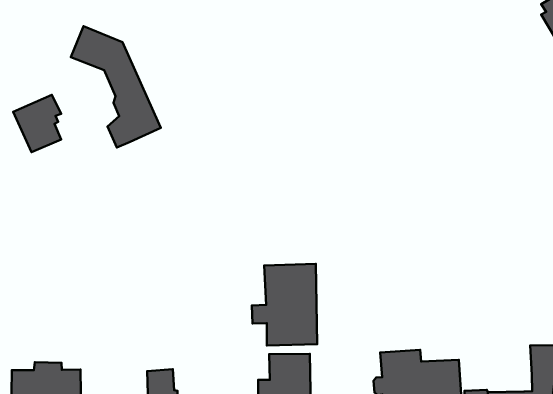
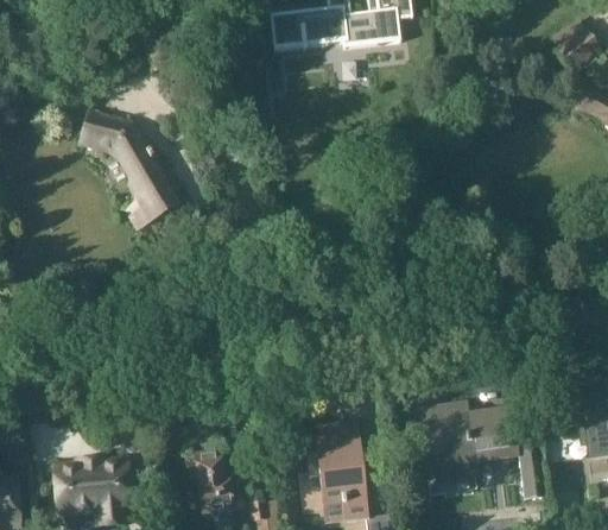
building: [13,95,61,152] -> none
building: [252,264,317,346] -> none

